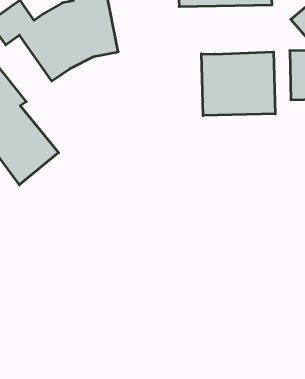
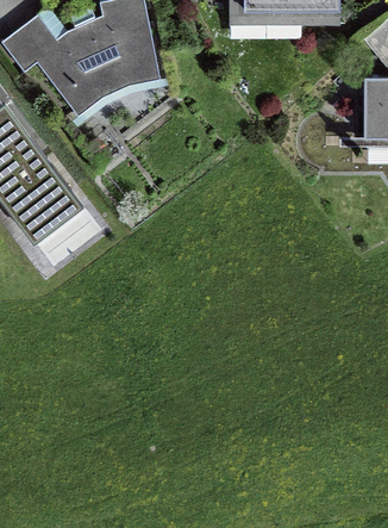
building: [201,52,275,116] -> none

